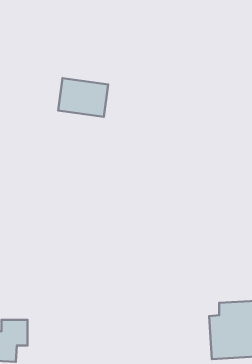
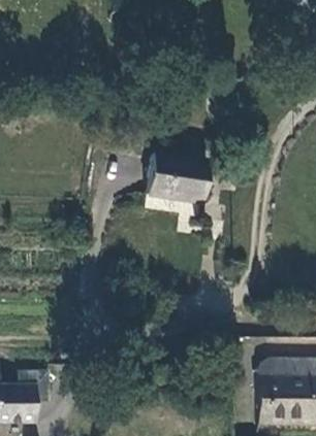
building: [58,78,108,117] -> [150,159,208,203]

